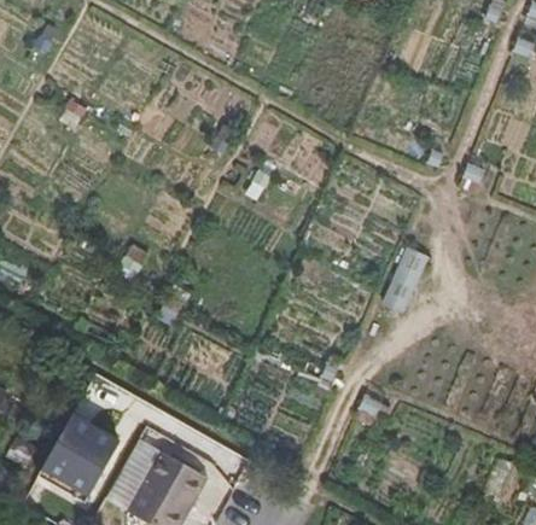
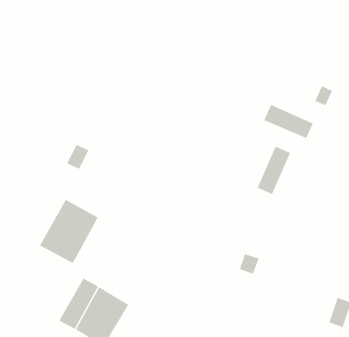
building: none -> [263,104,313,139]
building: [35,410,117,500] -> [39,199,99,264]

